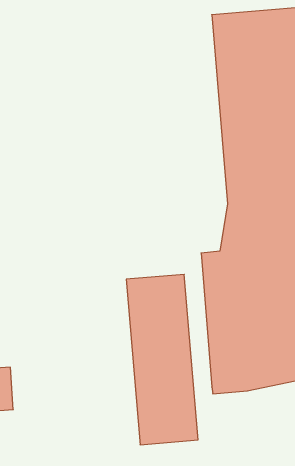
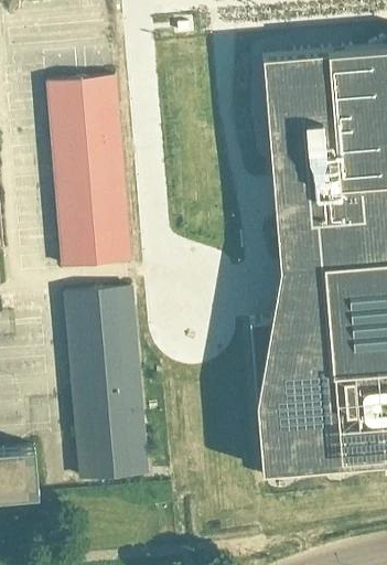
building: none -> [46,81,131,271]
building: [126,274,198,445] -> [66,291,147,482]

